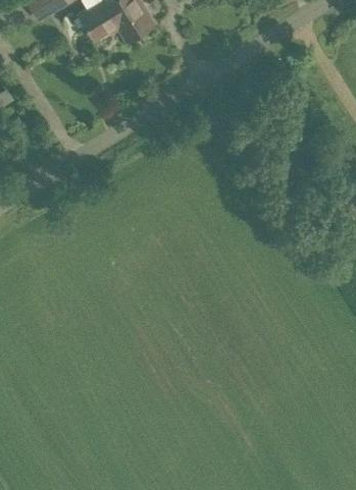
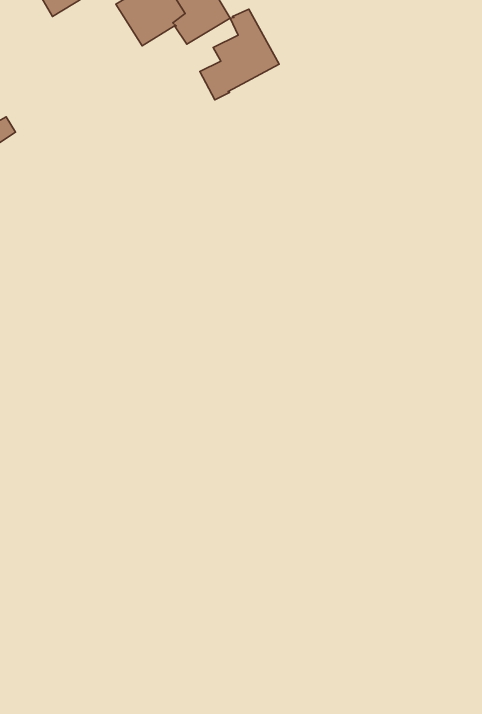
building: none -> [200,9,279,100]

